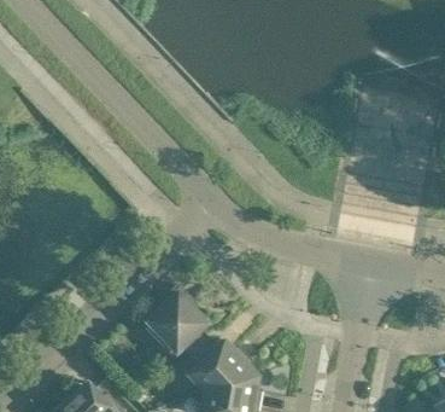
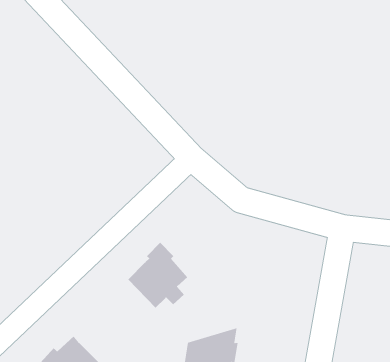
building: [182,338,257,389] -> none

